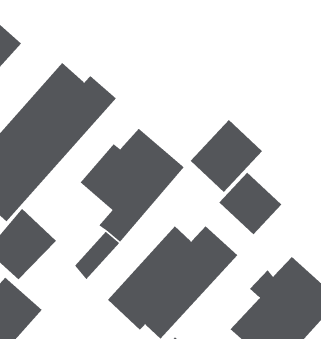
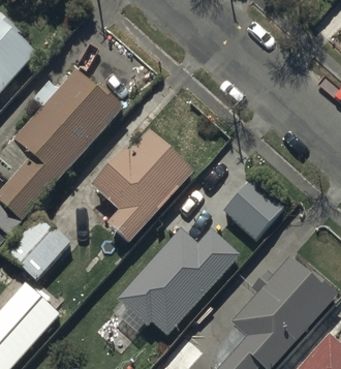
building: [190,119,263,193] -> none

